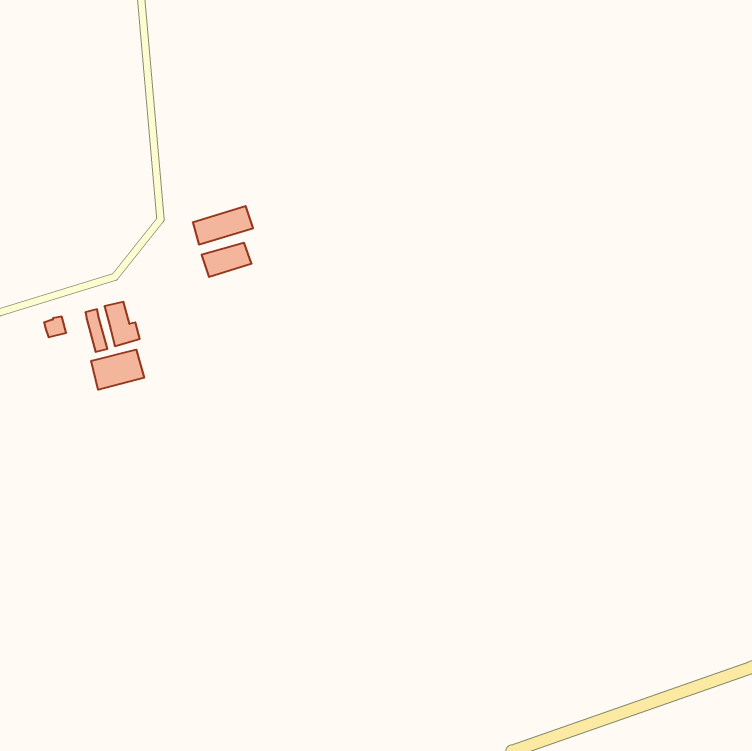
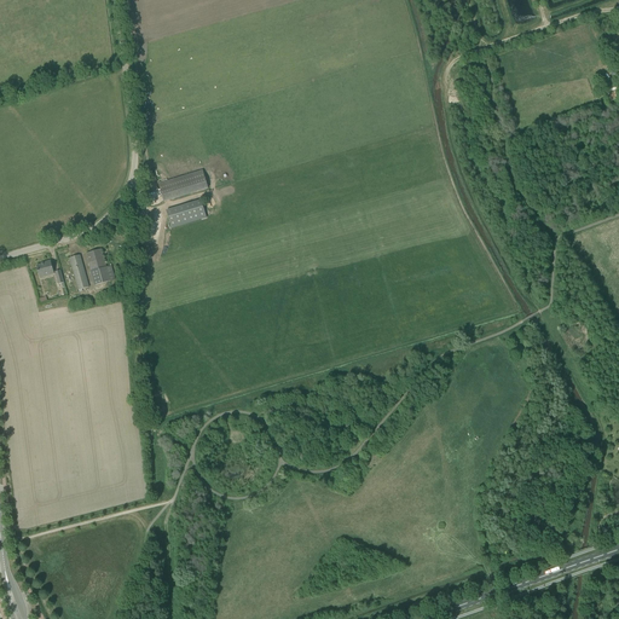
building: [91,350,144,390] -> none

